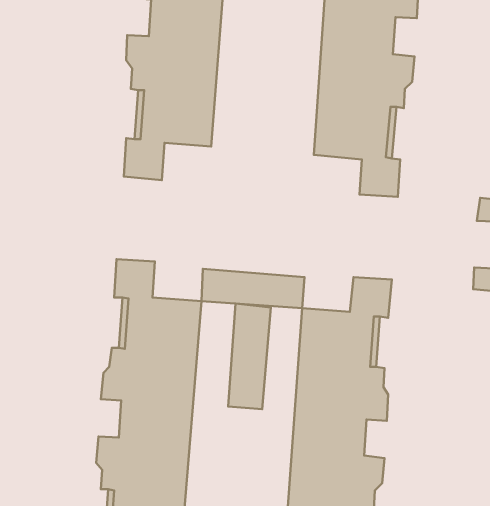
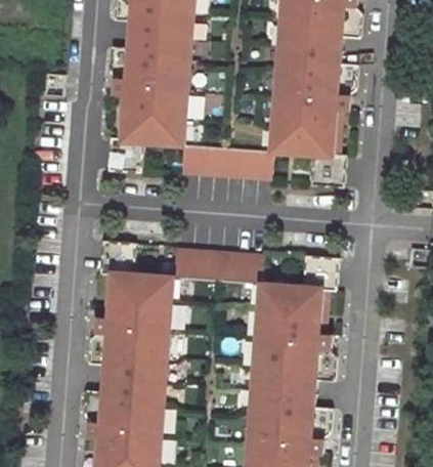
building: none -> [179,144,269,178]
building: [228,303,271,409] -> none

